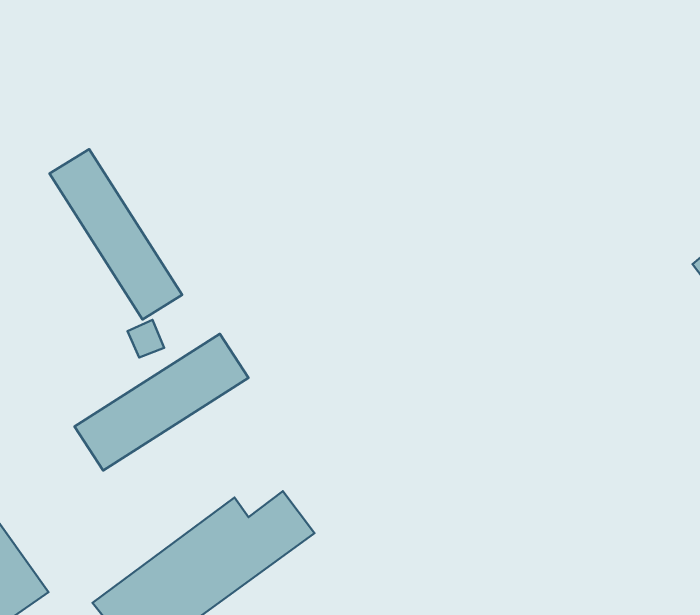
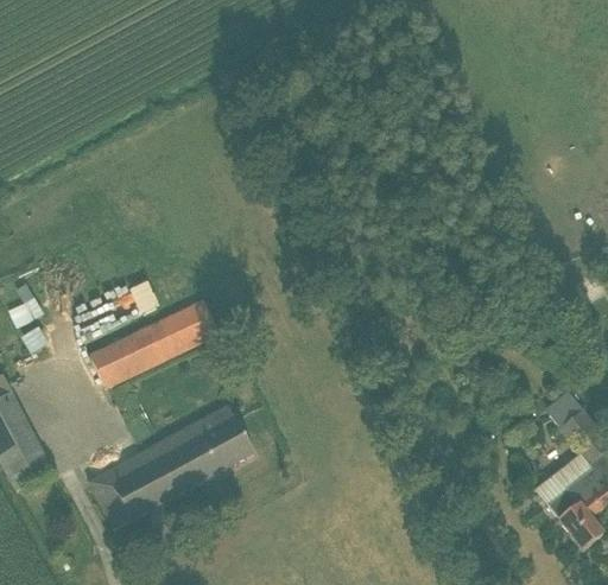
building: [49,149,182,319] -> none

